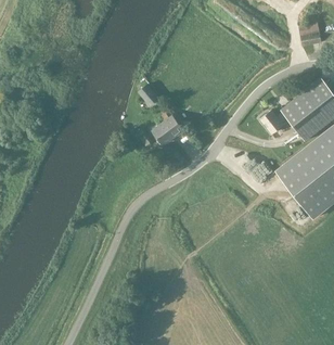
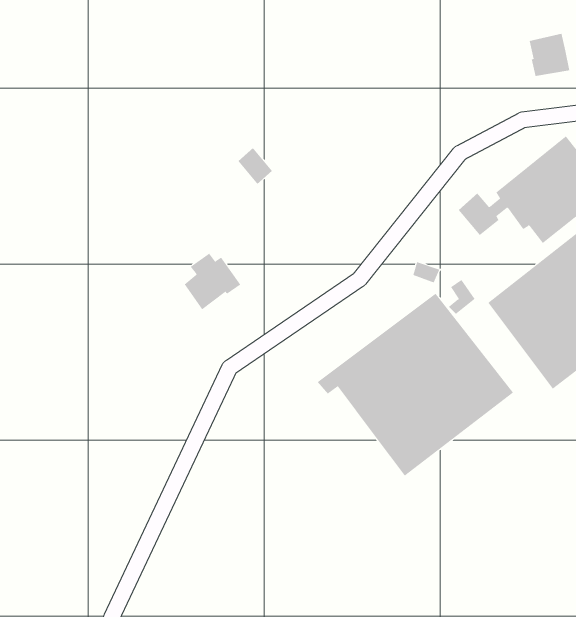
building: [153,113,184,144] -> [184,253,241,310]
building: none -> [317,293,514,477]

